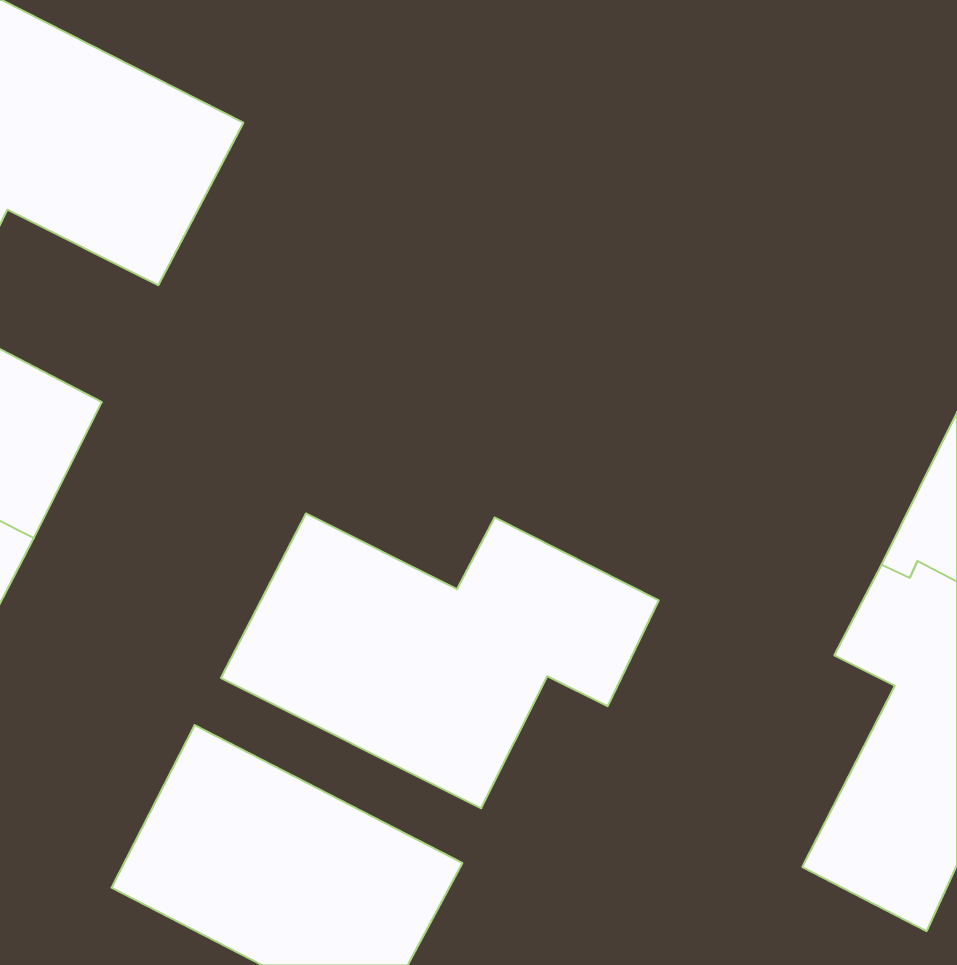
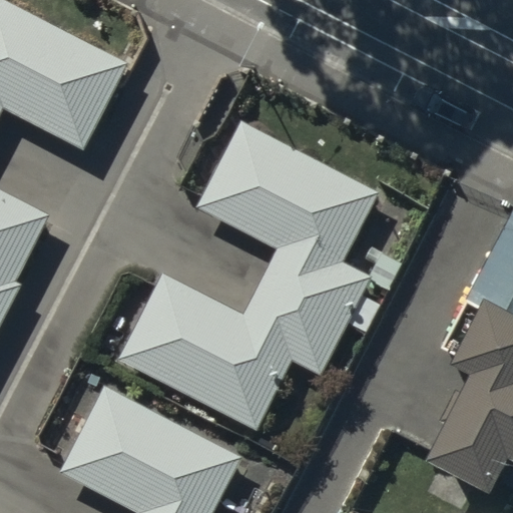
building: none -> [195,121,378,319]

